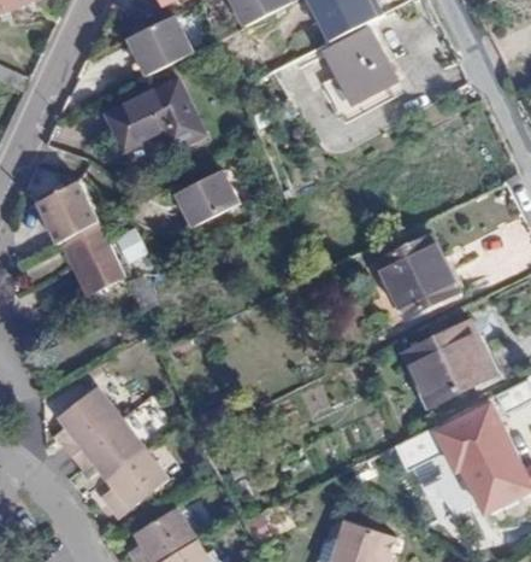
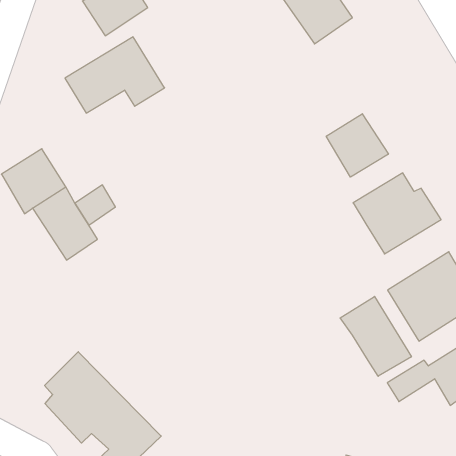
building: [176,170,238,227] -> none
building: none -> [326,114,388,177]
building: none -> [340,296,411,376]

